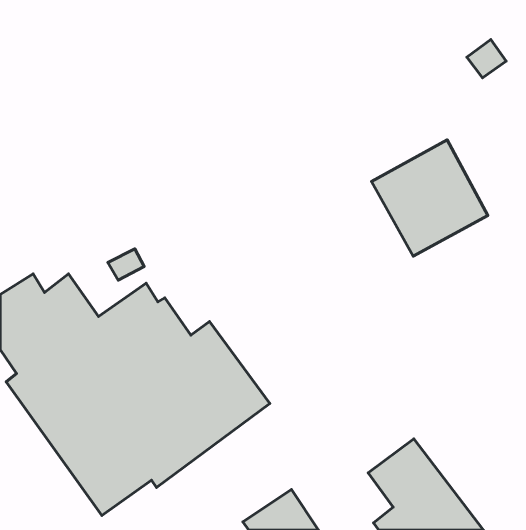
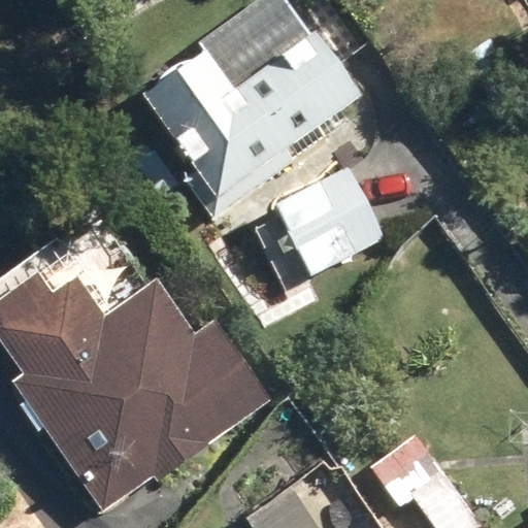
building: none -> [141,32,361,198]
building: [372,140,488,256] -> [271,162,387,277]

